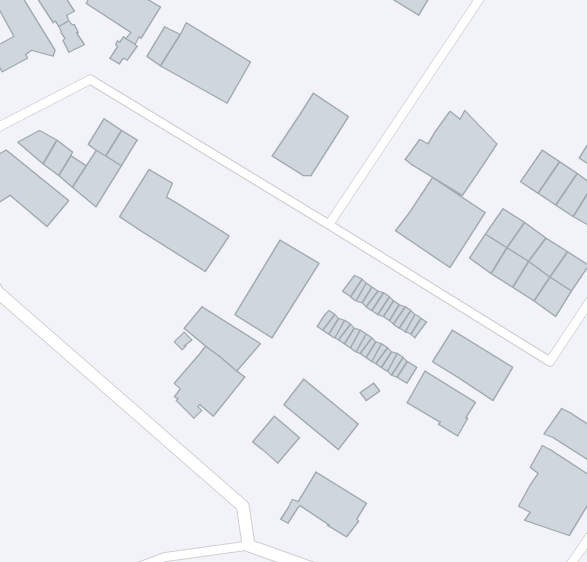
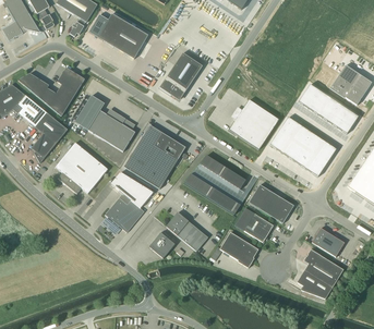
building: [405,110,497,195] -> none
building: none -> [31,112,67,162]
building: none -> [123,124,164,175]
building: none -> [55,142,108,194]
building: [280,472,367,537] -> [210,231,258,267]

